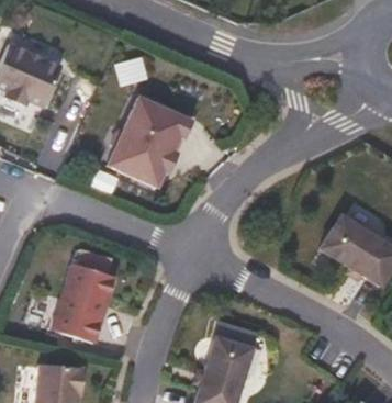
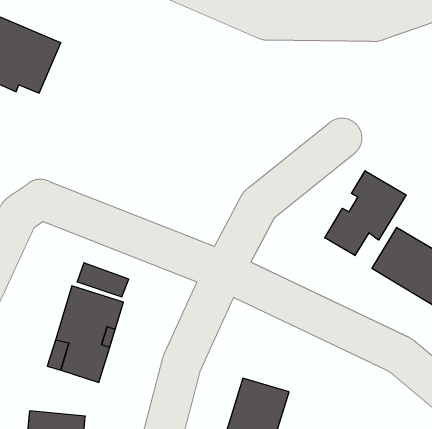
building: [110,97,194,187] -> none
building: none -> [325,171,406,256]

